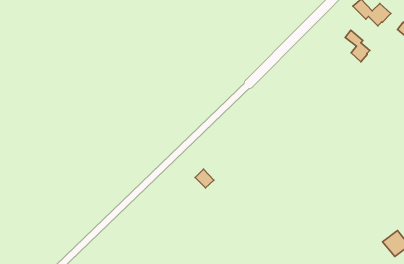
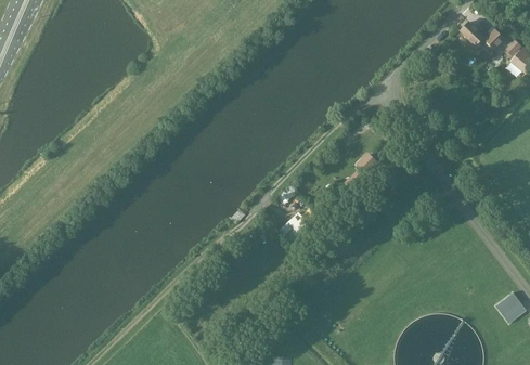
building: [345,30,370,62] -> none

